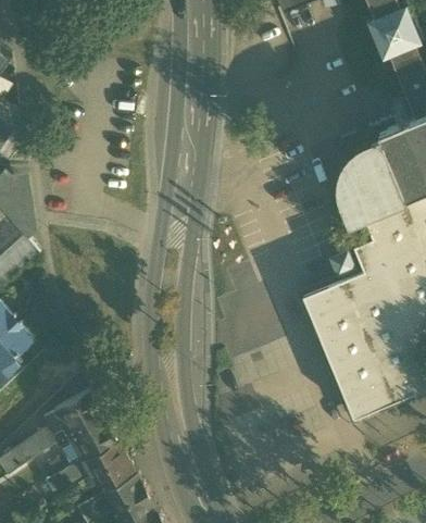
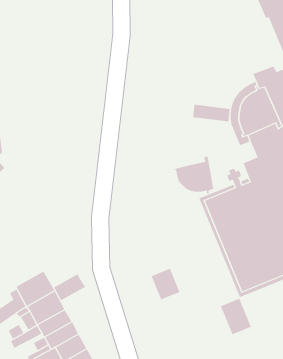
building: none -> [193,104,230,122]
building: none -> [174,156,214,195]
building: none -> [151,268,180,300]
building: none -> [53,273,85,301]
building: none -> [220,298,252,335]

